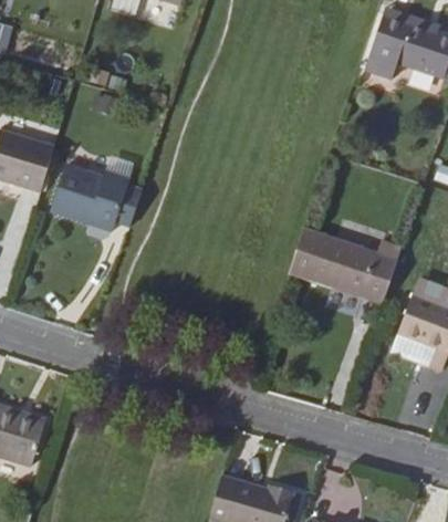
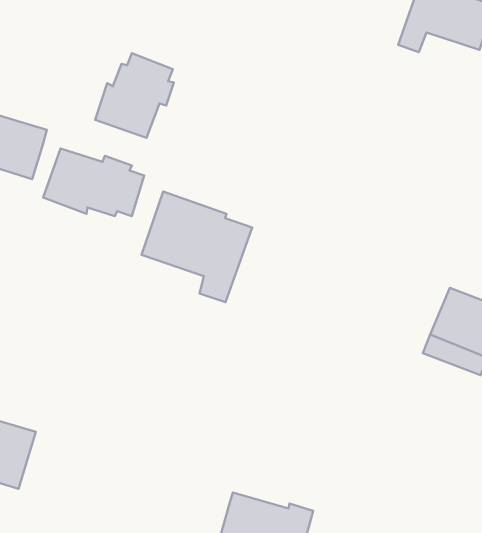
building: none -> [95,53,174,138]
building: none -> [142,192,252,302]
building: [288,226,402,303] -> none

